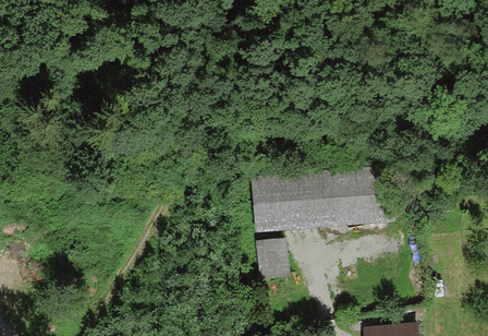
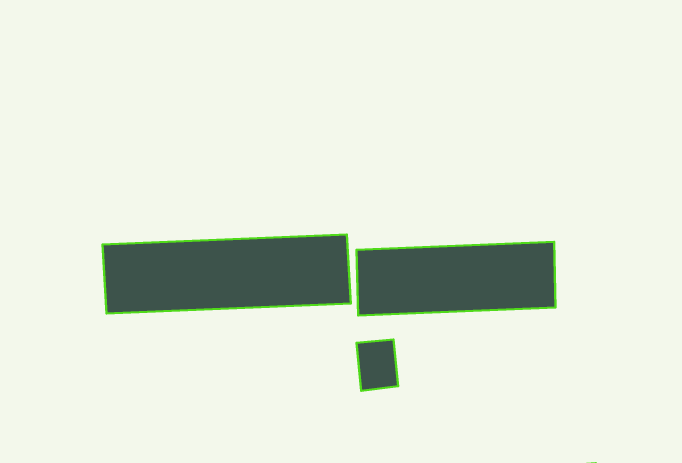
building: none -> [102,235,351,313]

